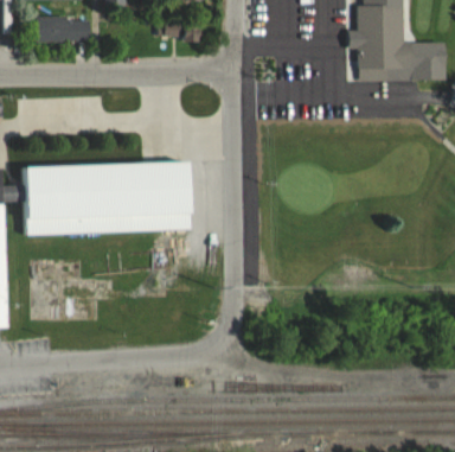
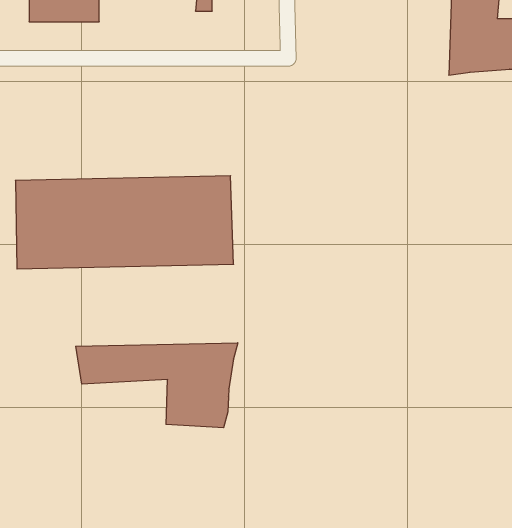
building: none -> [76,343,238,428]

